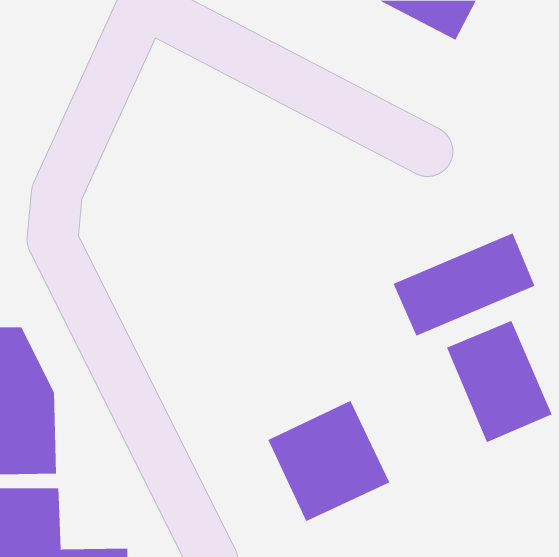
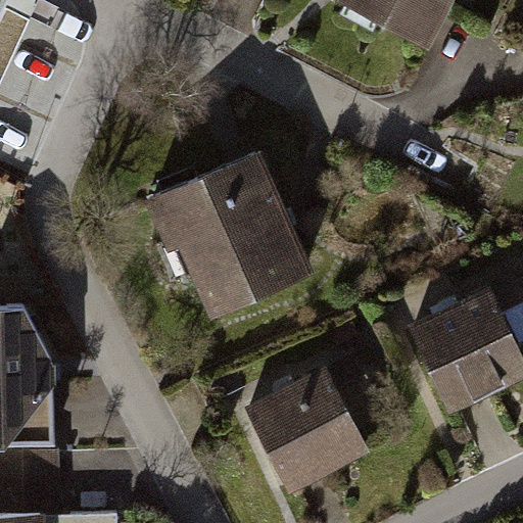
building: none -> [153,149,312,316]
building: [393,232,535,337] -> none

